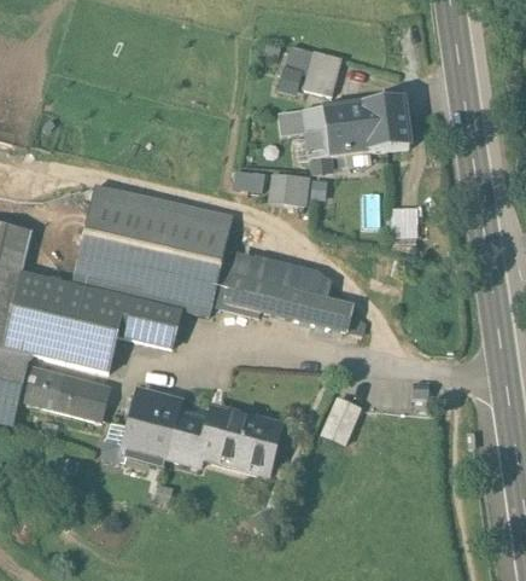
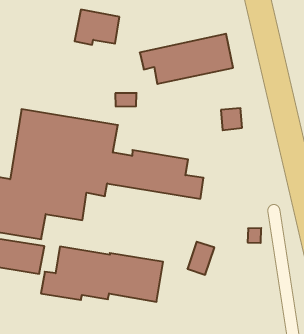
building: [273,42,341,97] -> [75,10,119,45]
building: [267,173,309,204] -> none

